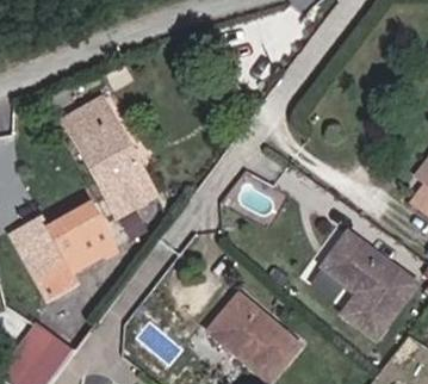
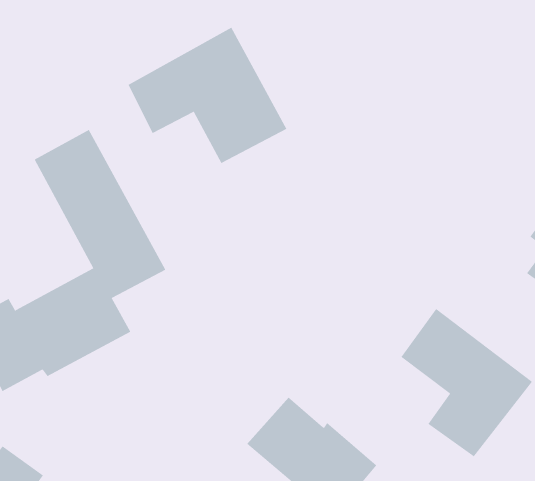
building: none -> [128,27,287,164]

